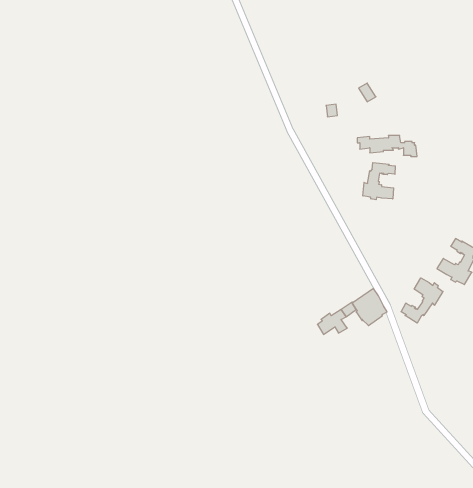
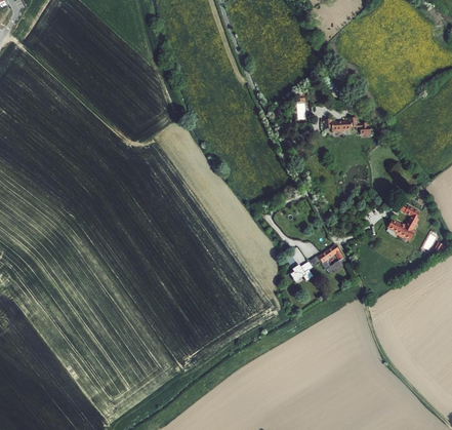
building: [363,163,395,200] -> none
building: [401,278,443,323] -> none

